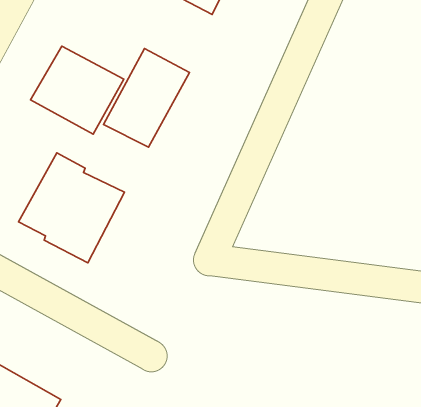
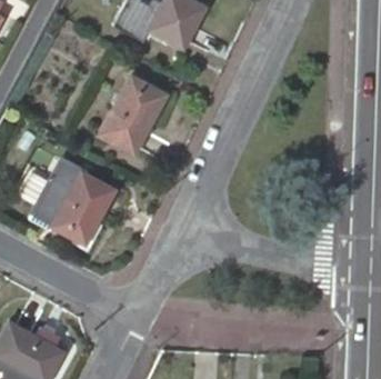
building: [31,46,124,134] -> none

